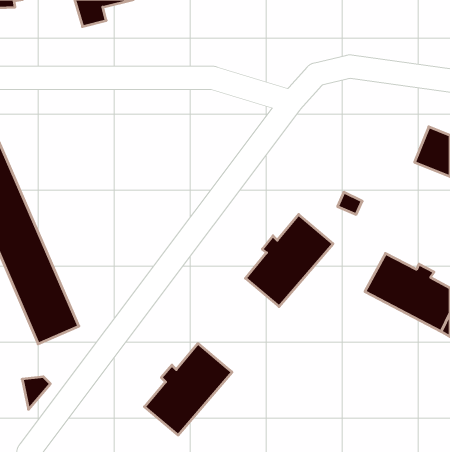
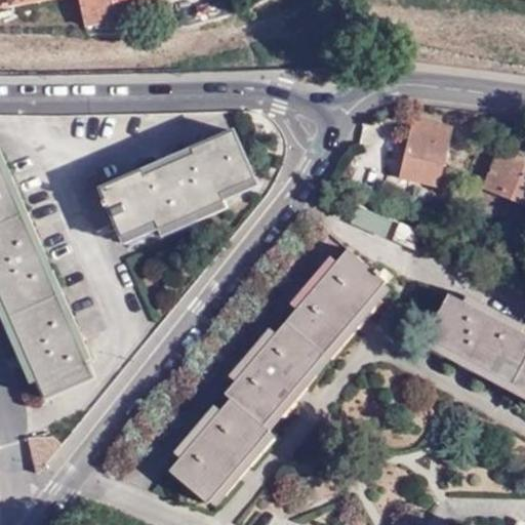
building: none -> [397,118,450,187]
building: none -> [97,130,252,237]
building: none -> [223,322,323,426]

